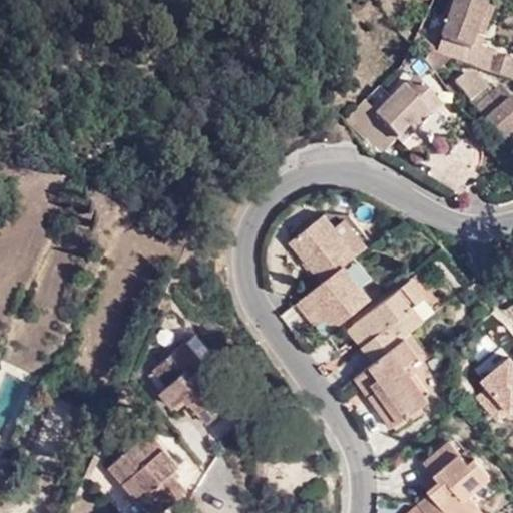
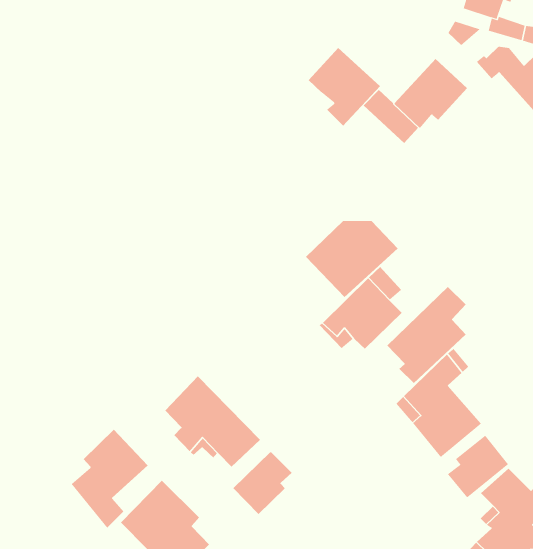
building: none -> [308,47,381,126]
building: none -> [71,429,149,529]
building: none -> [233,451,292,515]
building: none -> [447,435,509,498]

